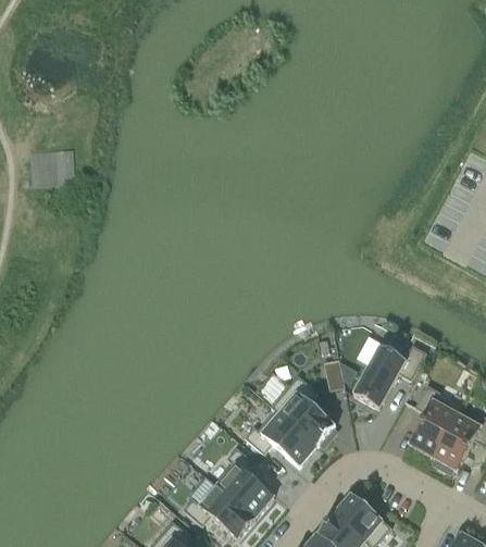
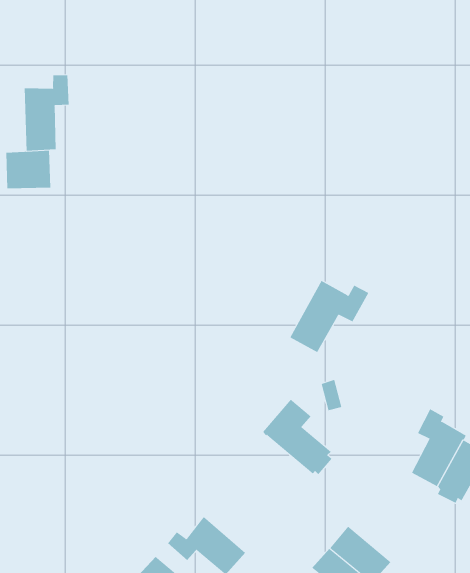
building: none -> [24,75,69,151]
building: [352,341,426,409] -> [289,280,369,353]
building: [244,410,317,468] -> none
building: [216,448,273,519] -> none

